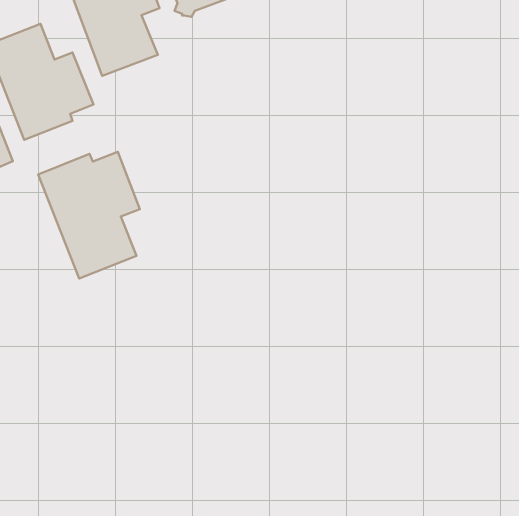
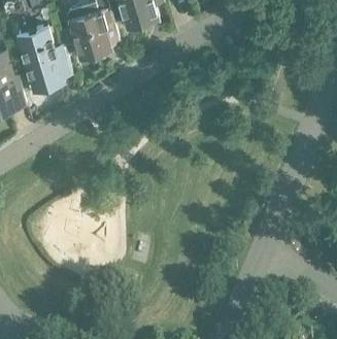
building: [38,152,140,278] -> none

